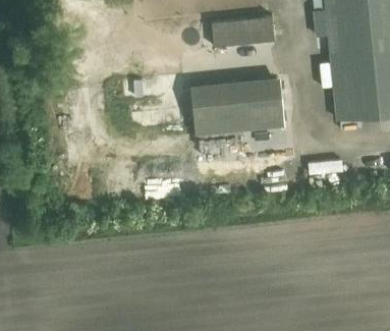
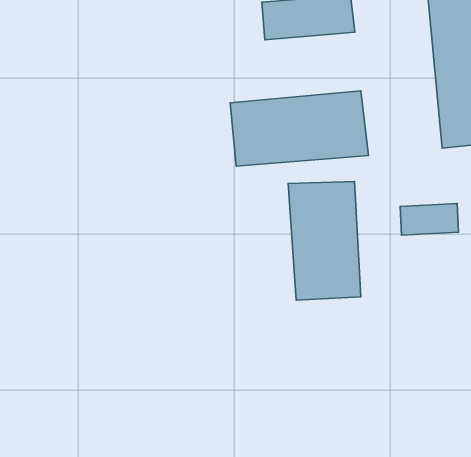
building: none -> [288,182,361,300]

